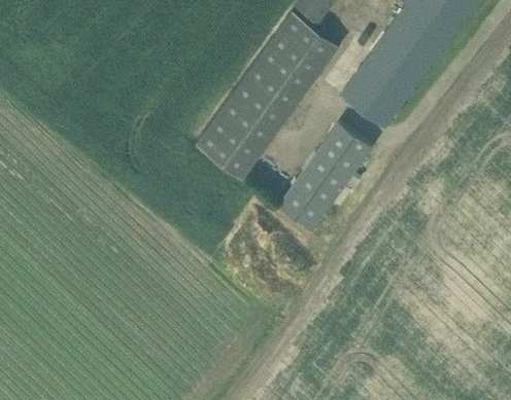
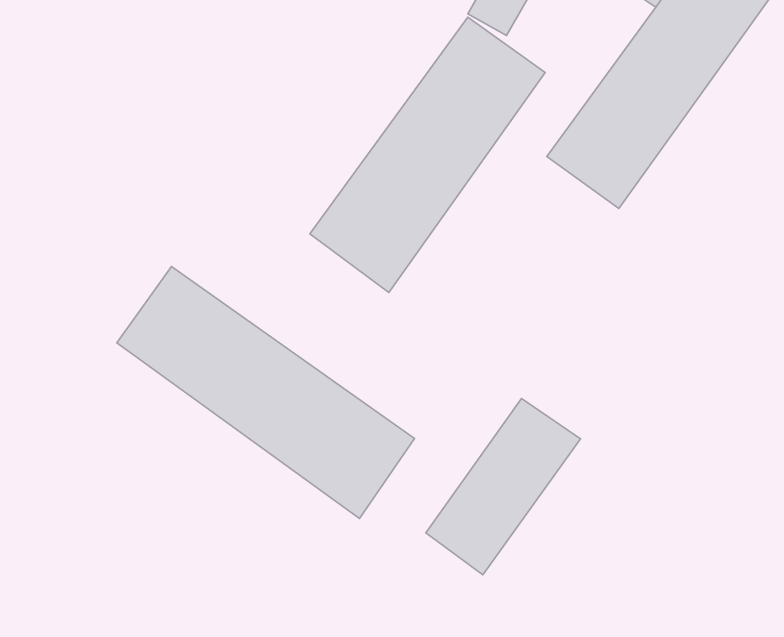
building: [276,122,371,230] -> [426,398,580,575]
building: none -> [117,267,415,518]

